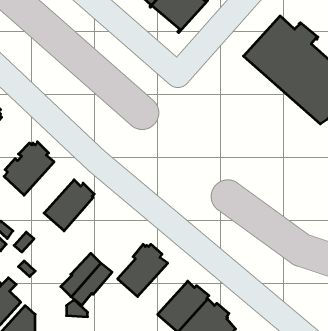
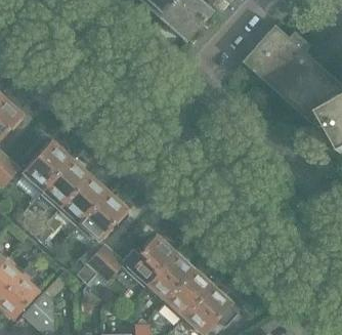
building: none -> [42,157,88,206]
building: none -> [79,192,126,239]
building: none -> [146,251,193,299]

